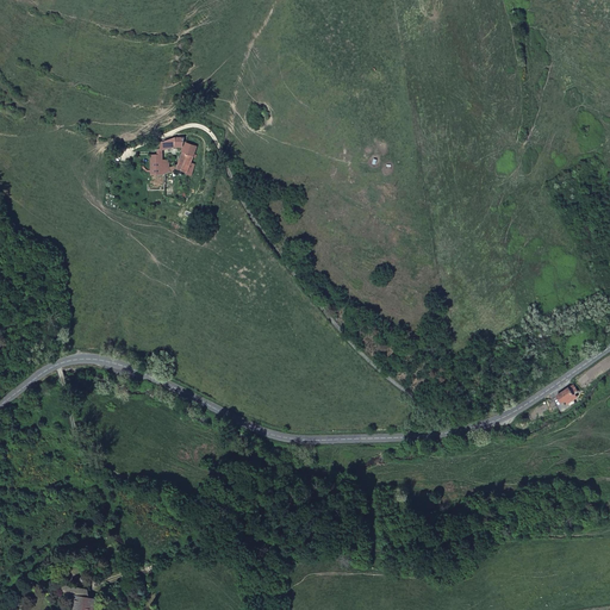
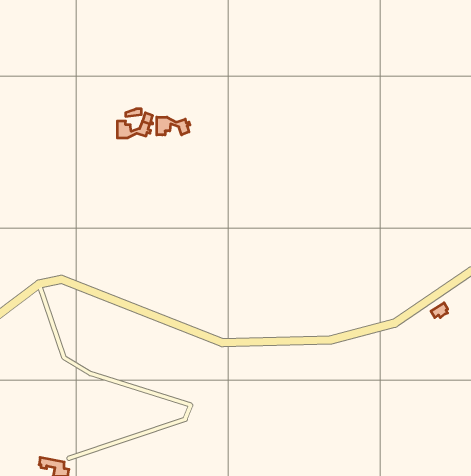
building: none -> [157,117,190,135]

